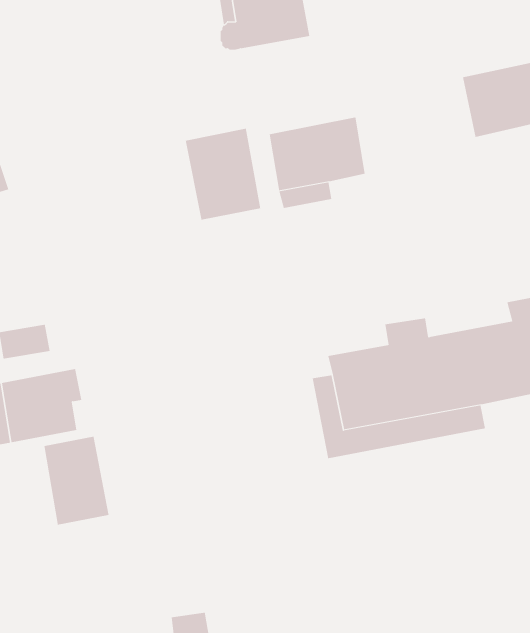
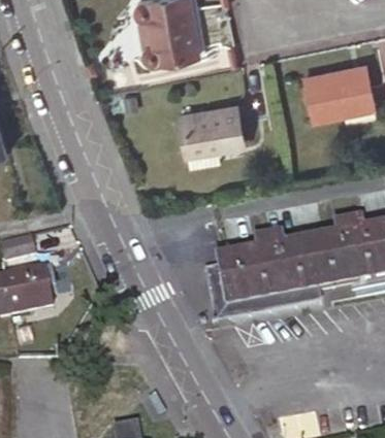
building: [185,128,261,221] -> none
building: [44,436,109,525] -> none

